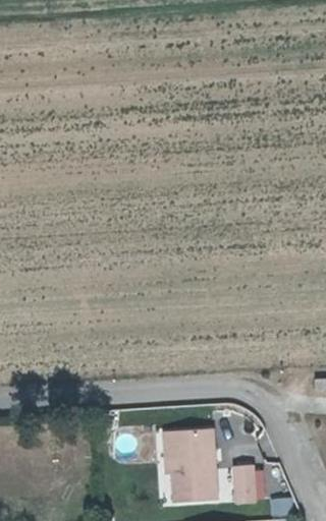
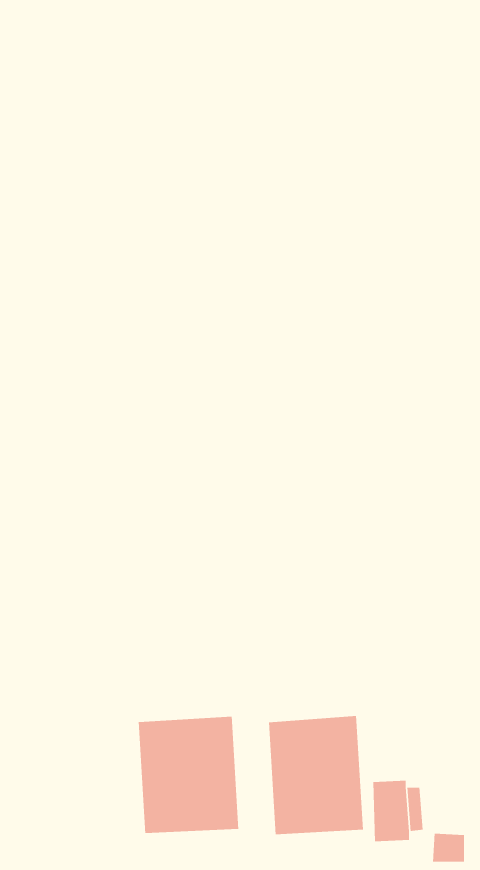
building: none -> [138,716,239,834]

